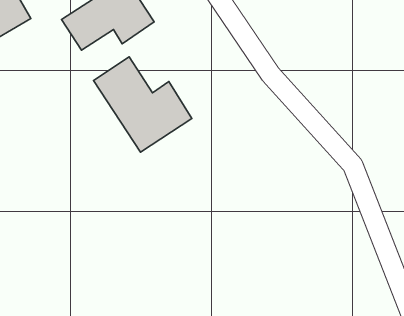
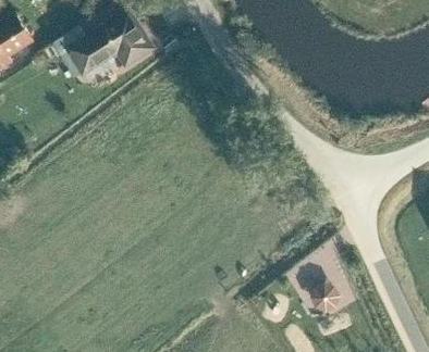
building: [94,57,192,152] -> none

